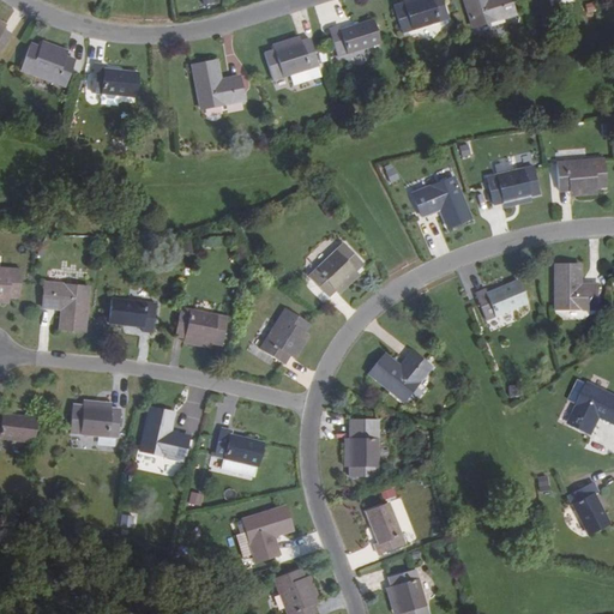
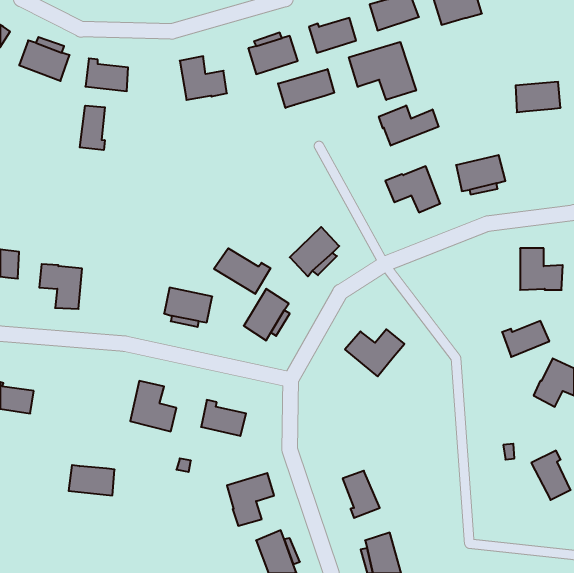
building: none -> [349,42,416,100]
building: none -> [278,69,334,108]
building: none -> [379,105,439,146]
building: none -> [80,106,105,150]
building: [558,158,606,191] -> [516,82,561,112]
building: none -> [214,248,270,294]
building: [476,281,526,319] -> [502,321,549,357]
building: [109,297,156,331] -> none
building: [70,404,119,437] -> [69,465,115,495]
building: [349,420,378,476] -> none

